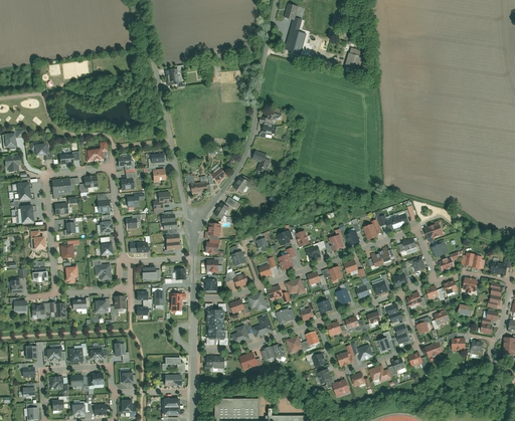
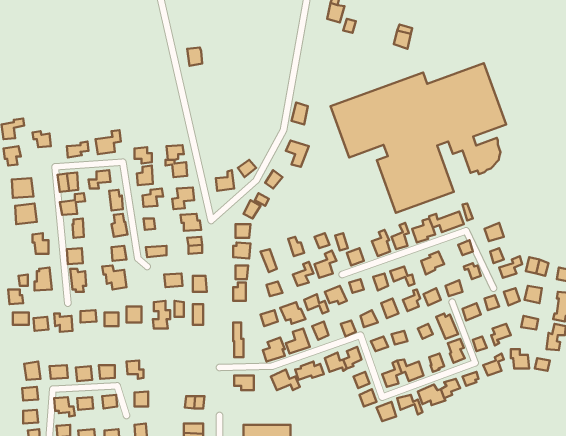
building: none -> [330,63,506,213]

